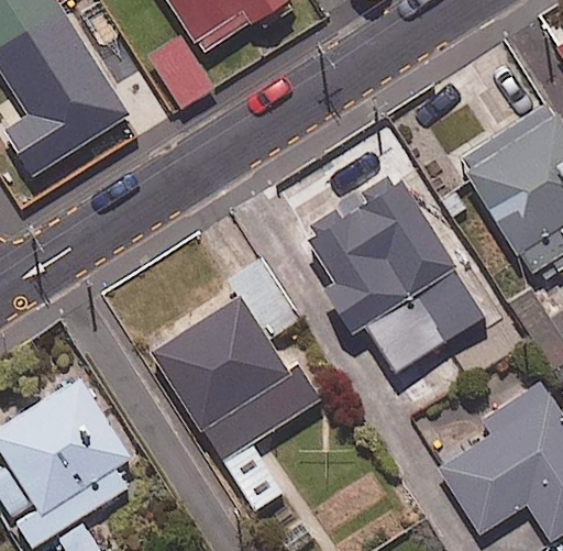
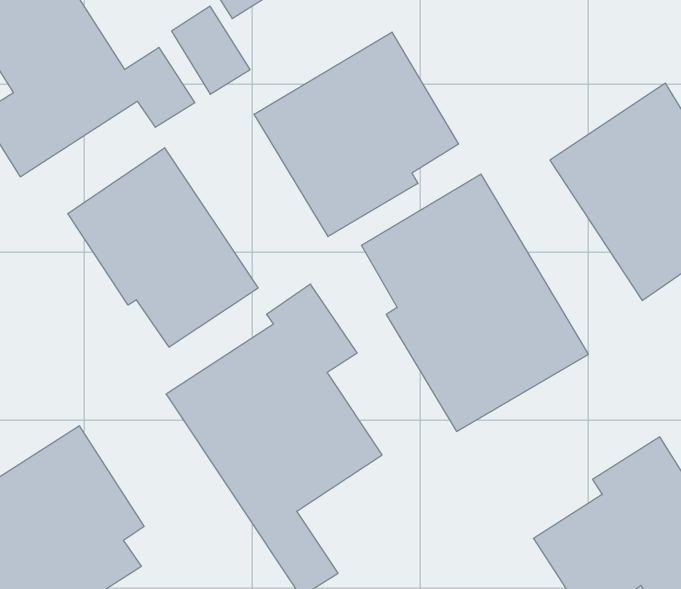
building: none -> [254,32,458,237]
building: none -> [68,148,258,347]

